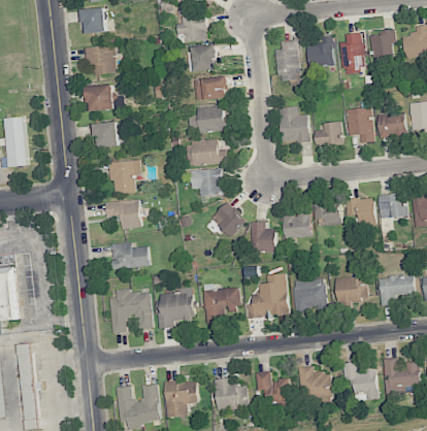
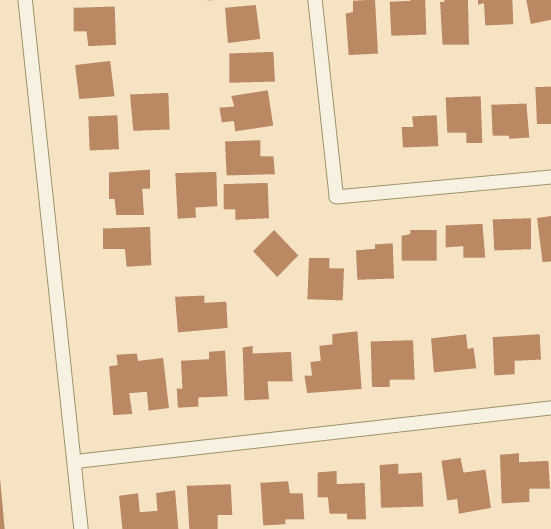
building: none -> [129,92,171,132]
building: [281,106,309,143] -> none
building: none -> [175,171,218,219]
building: [110,242,149,269] -> [174,295,229,333]

